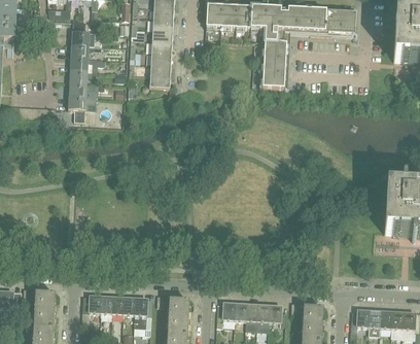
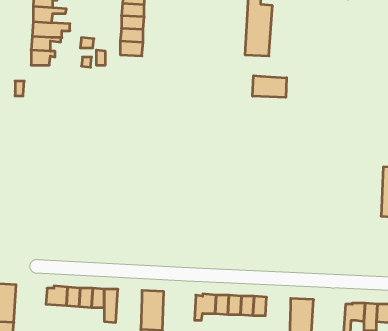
building: [68,95,96,119] -> none
building: none -> [253,76,287,97]

